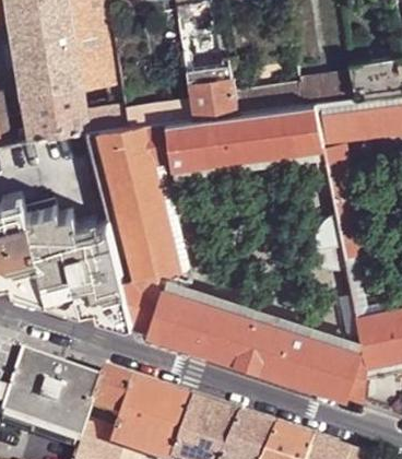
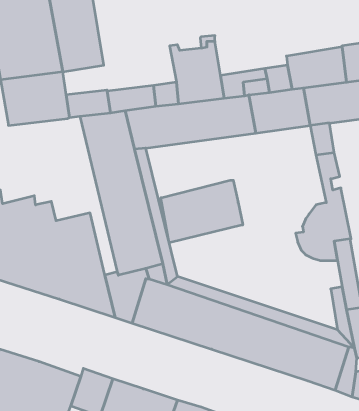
building: none -> [161,180,243,243]

